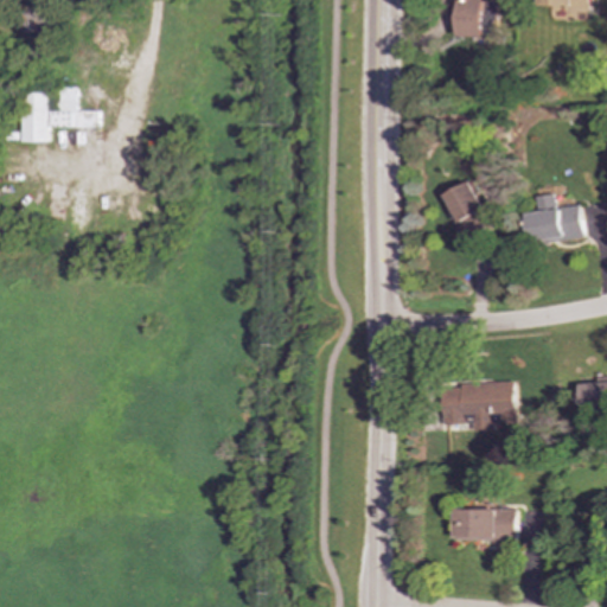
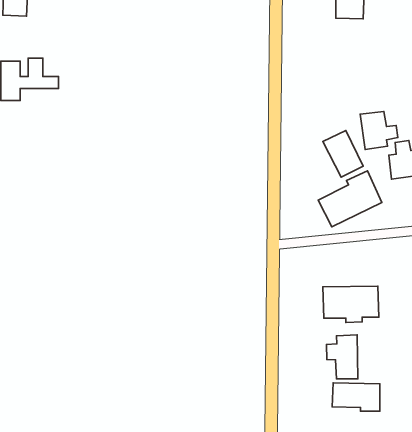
building: none -> [360,111,398,150]
building: none -> [318,171,382,227]
building: none -> [327,335,358,379]

